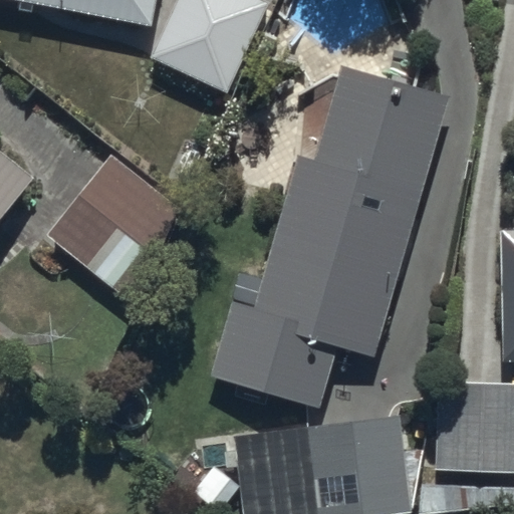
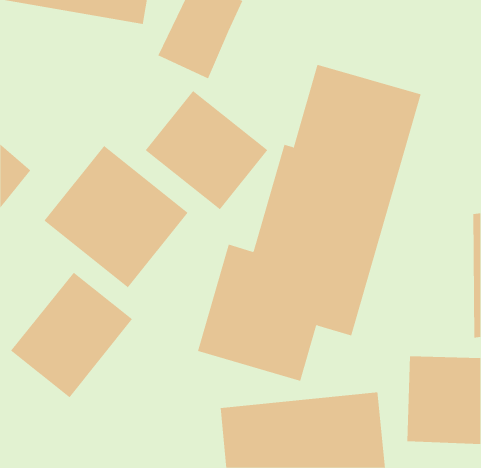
building: none -> [145,90,268,210]
building: none -> [10,272,133,398]

